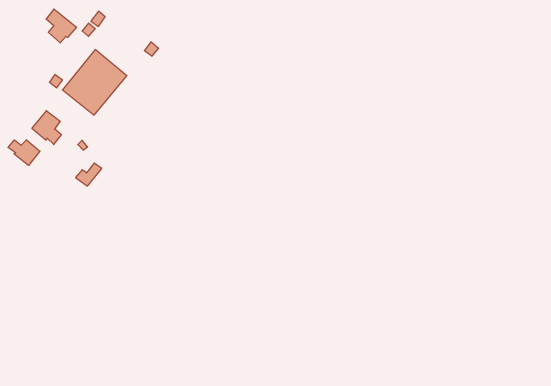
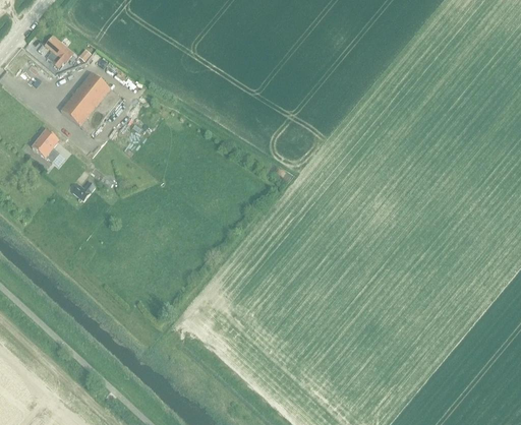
building: [8,140,40,165] -> none

